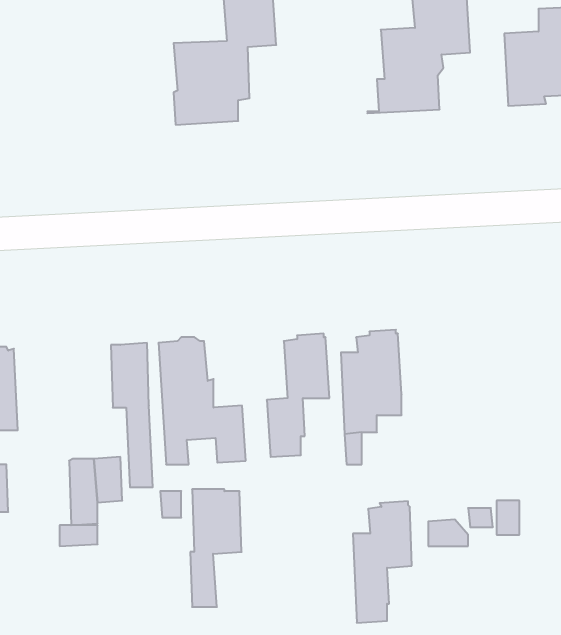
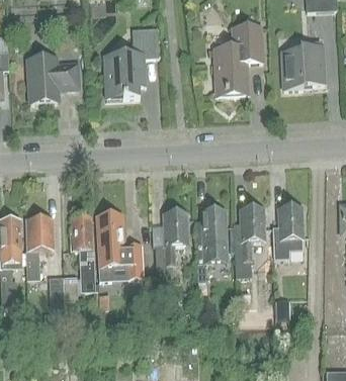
building: none -> [27,56,79,103]
building: none -> [273,204,302,258]
building: [190,489,242,607] -> [26,215,54,278]
building: [353,501,412,623] -> [233,205,264,270]

